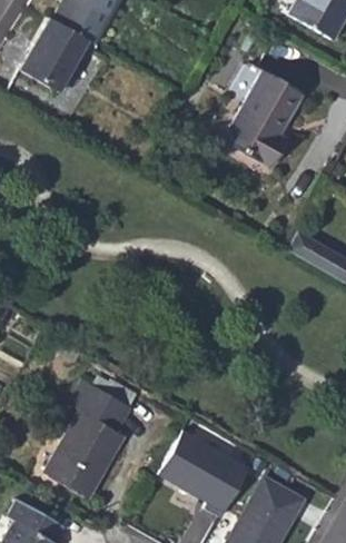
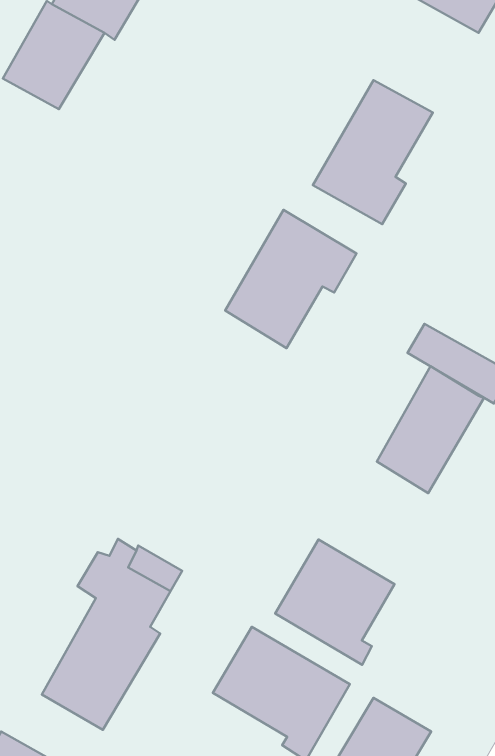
building: none -> [225,210,357,348]
building: none -> [377,366,484,493]
building: none -> [275,540,395,665]

